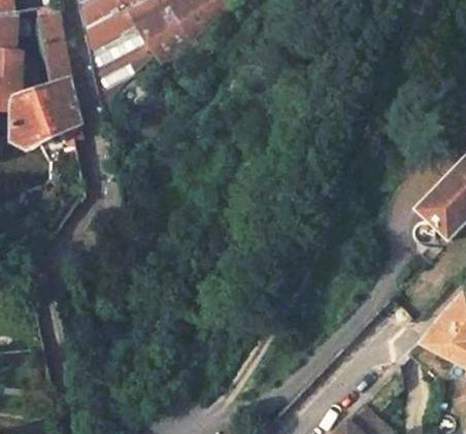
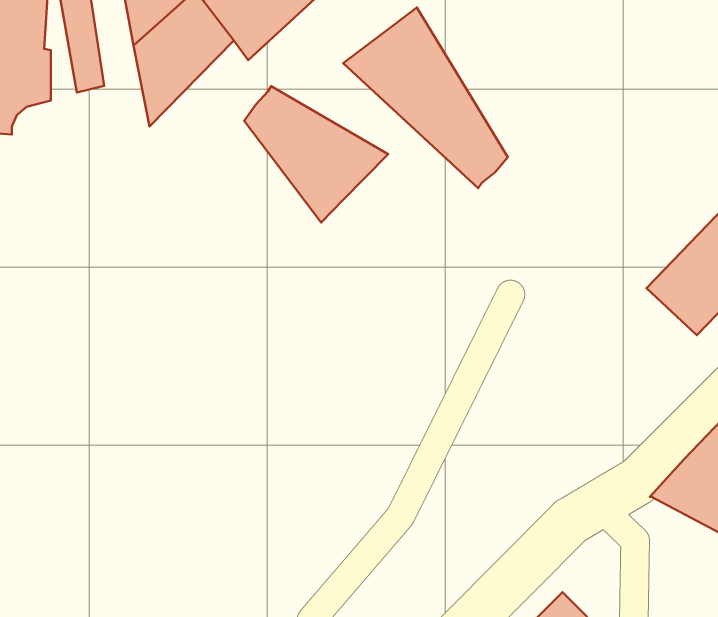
building: none -> [343,7,508,188]
building: [12,80,80,148] -> none
building: none -> [244,86,388,222]

